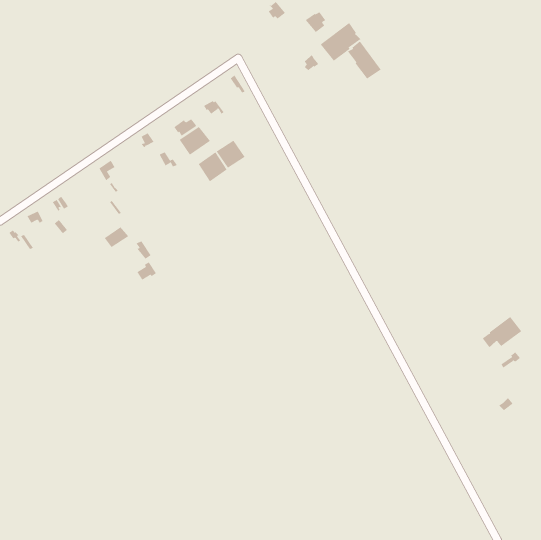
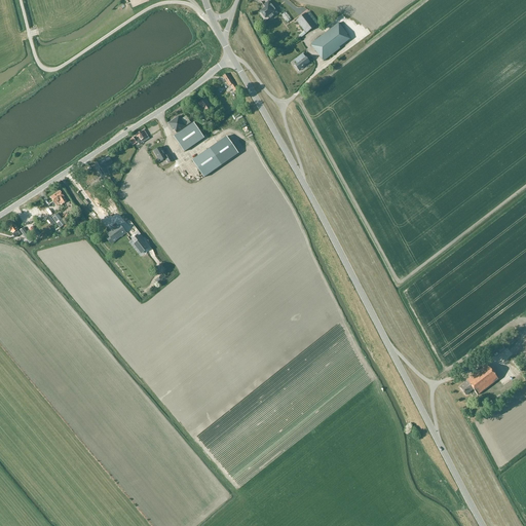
building: [347,41,382,80] -> none
building: [482,316,522,348] -> [459,364,498,394]

